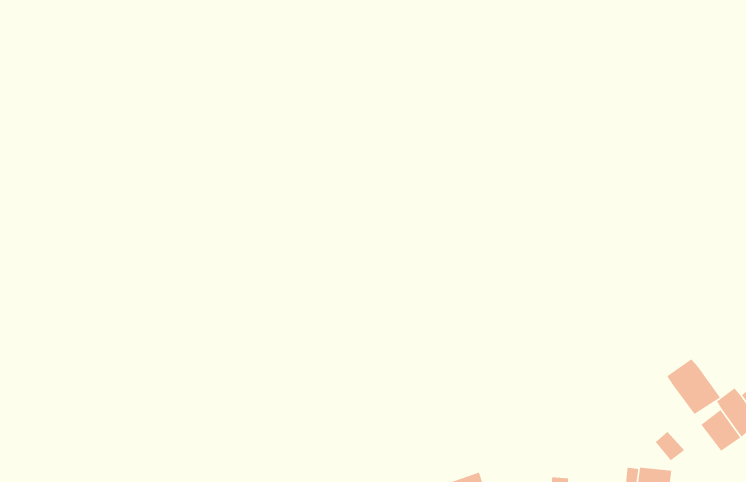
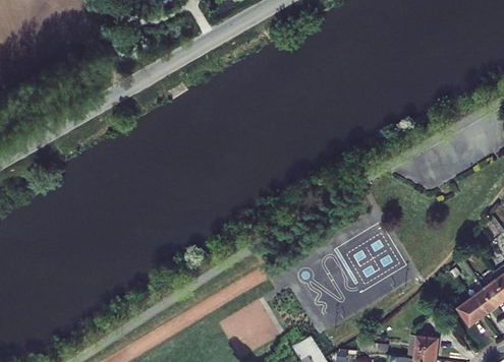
building: [667,359,721,415] -> none

